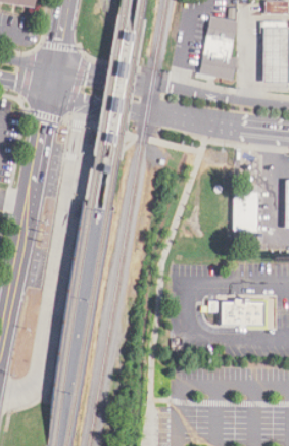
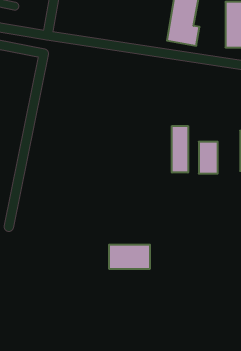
building: none -> [172,126,188,173]
building: [219,299,268,328] -> [109,245,150,269]

